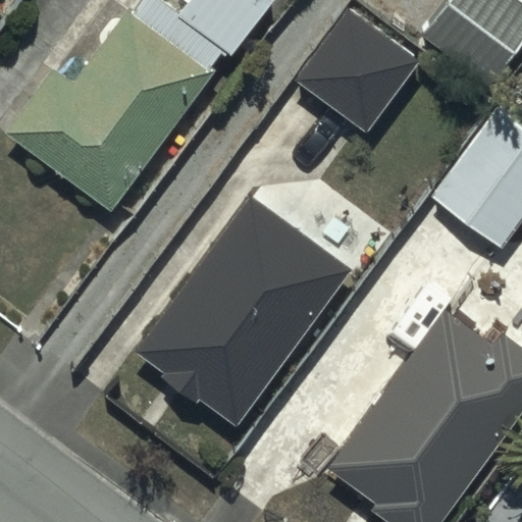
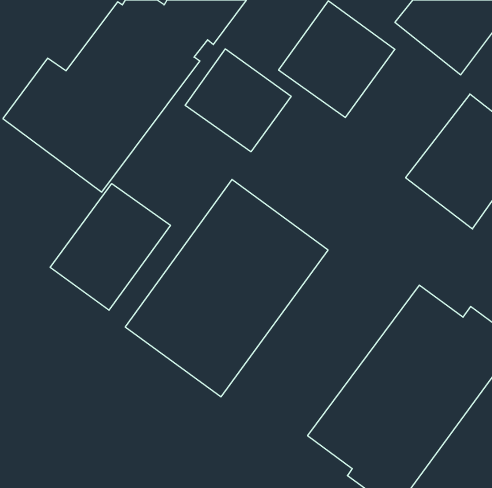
building: none -> [185,49,291,152]
building: none -> [50,184,170,310]

